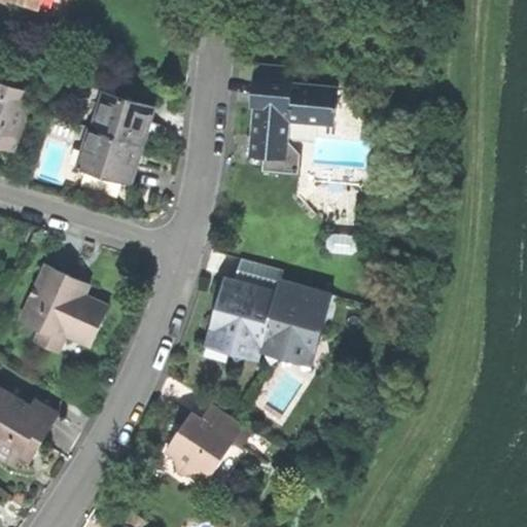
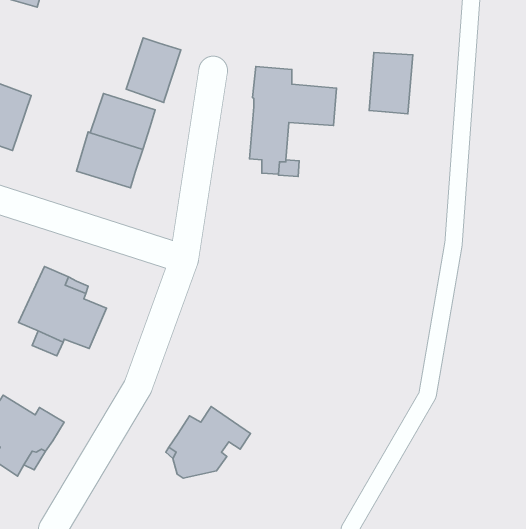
building: none -> [126,38,181,103]
building: none -> [369,53,413,114]
building: [208,259,328,361] -> none

